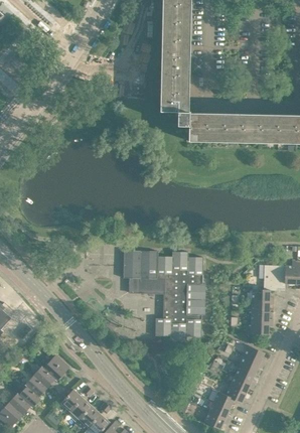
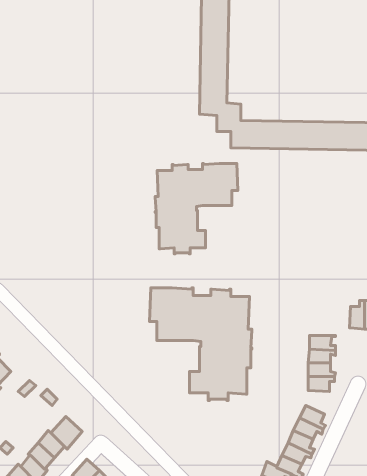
building: none -> [155,164,238,254]
building: [263,265,285,289] -> none

